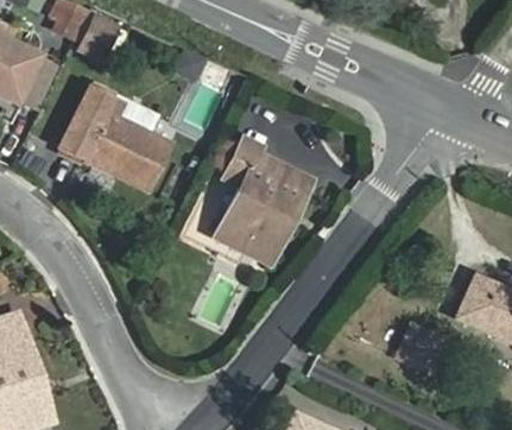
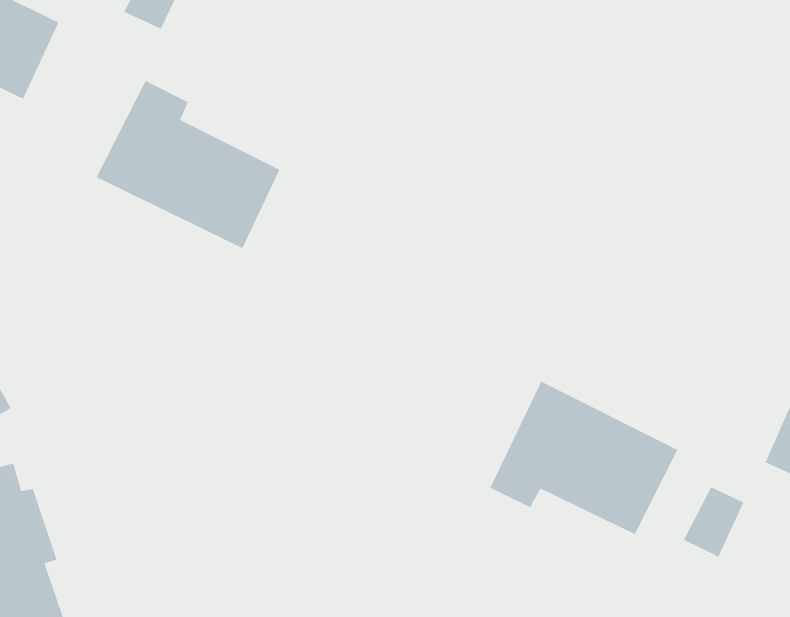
building: [215,139,310,255] -> none
building: none -> [489,381,679,535]

